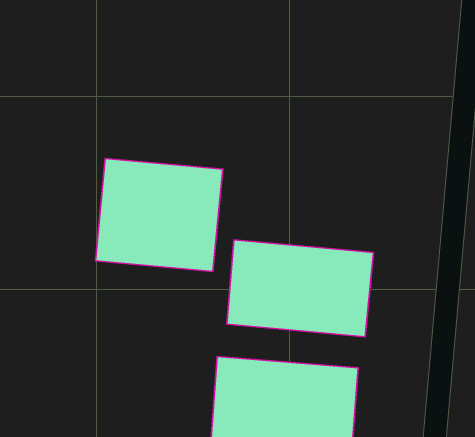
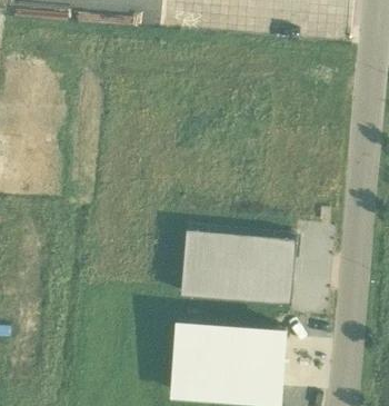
building: [96,159,223,272] -> none

